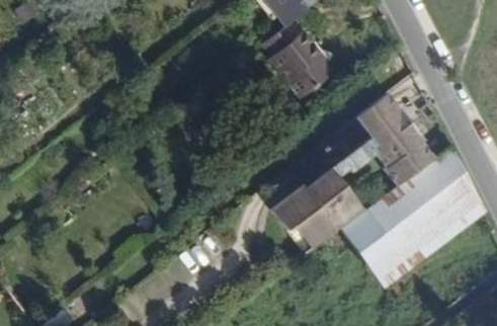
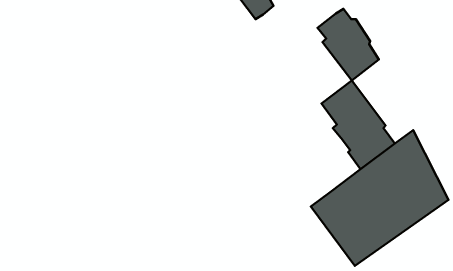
building: [264,22,329,98] -> [318,9,379,80]
building: [271,143,376,255] -> none

